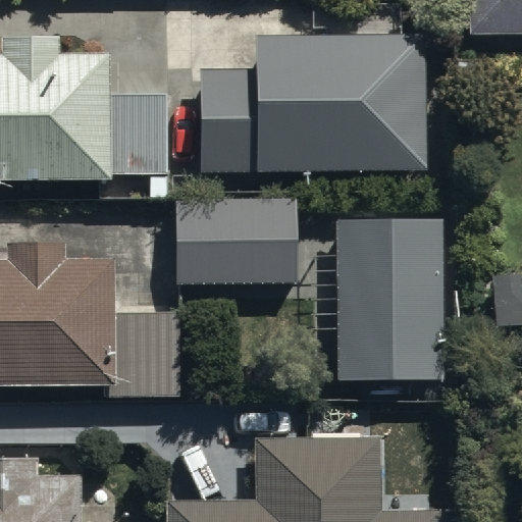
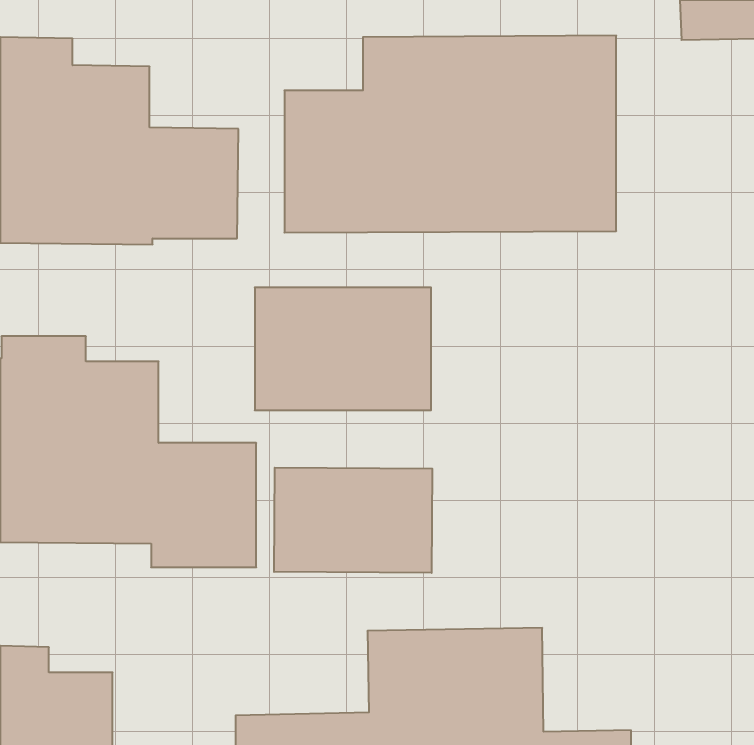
building: [337,226,439,388] -> none
building: none -> [274,468,432,573]

